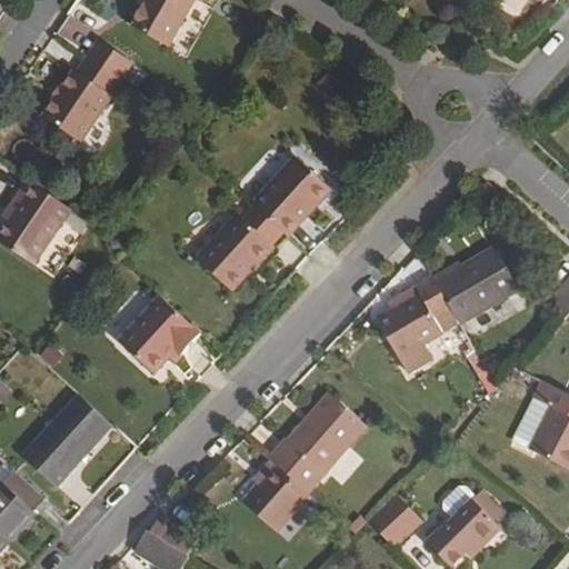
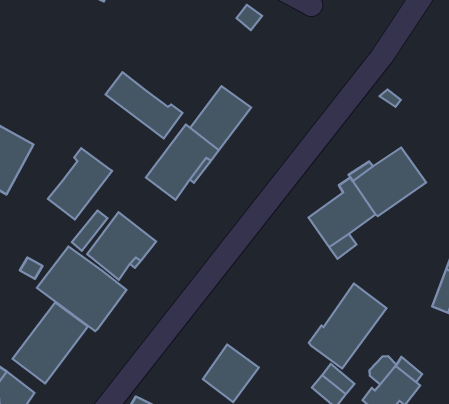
building: [44,57,120,141] -> none
building: none -> [106,72,182,139]
building: none -> [48,148,112,220]
building: none -> [37,247,127,331]
building: [271,392,366,490] -> [309,284,387,368]

